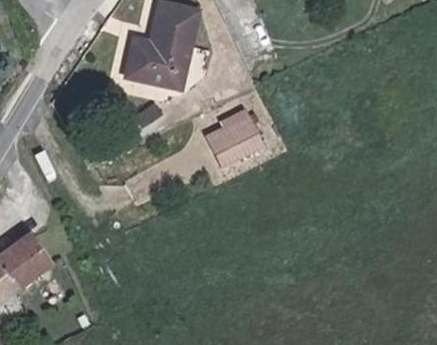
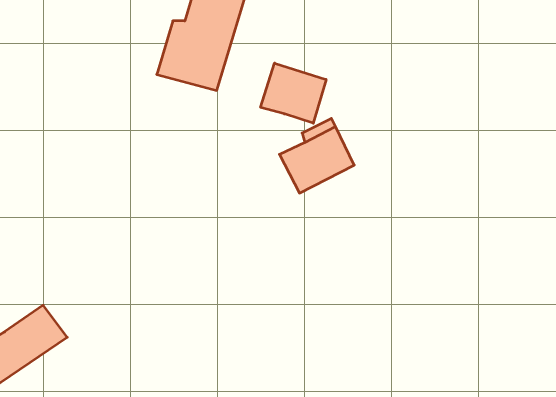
building: none -> [261,63,326,123]

